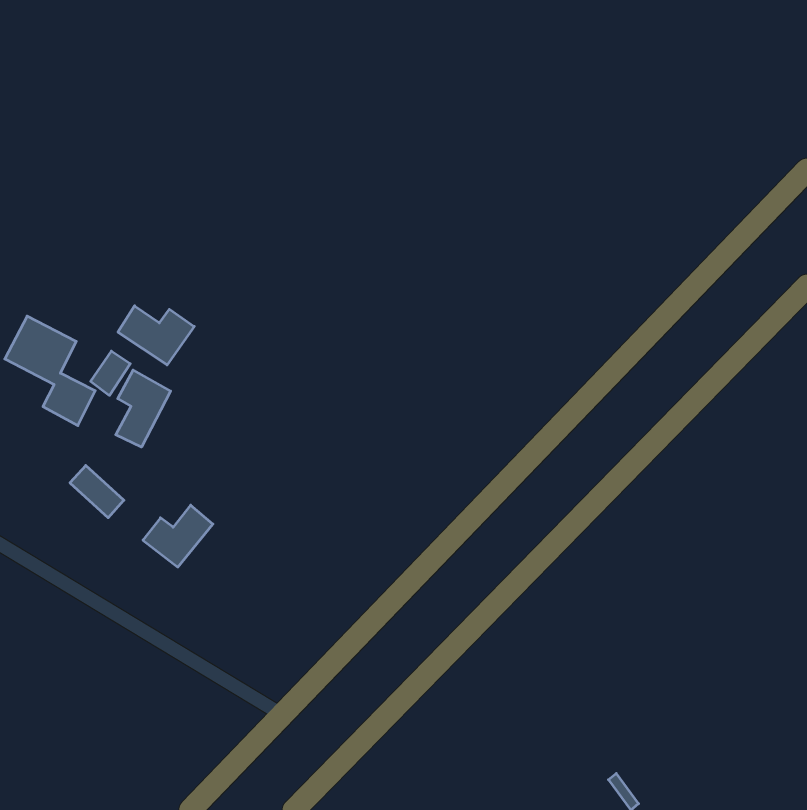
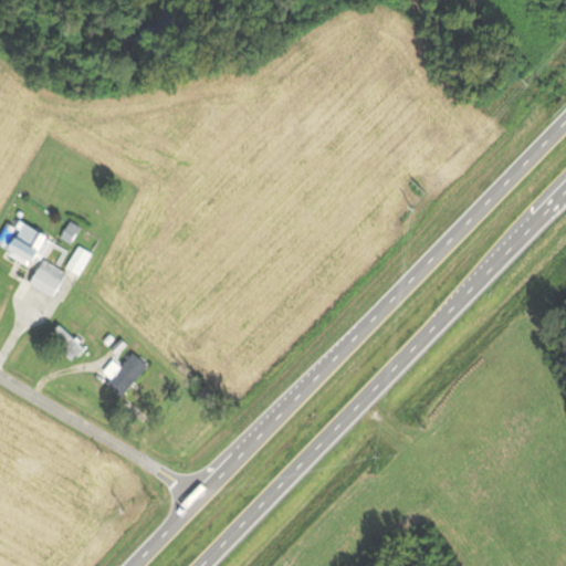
building: [118,306,194,365] -> none
building: [116,370,171,447] -> none

